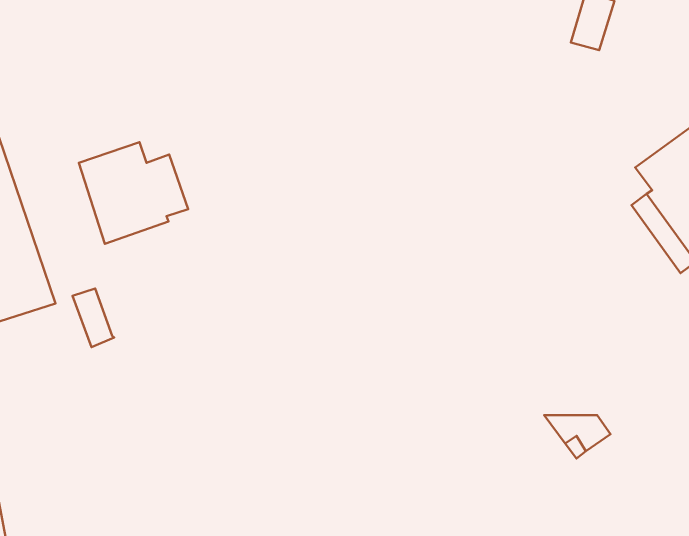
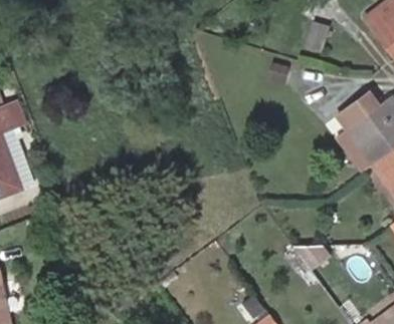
building: [79,142,188,244] -> none

